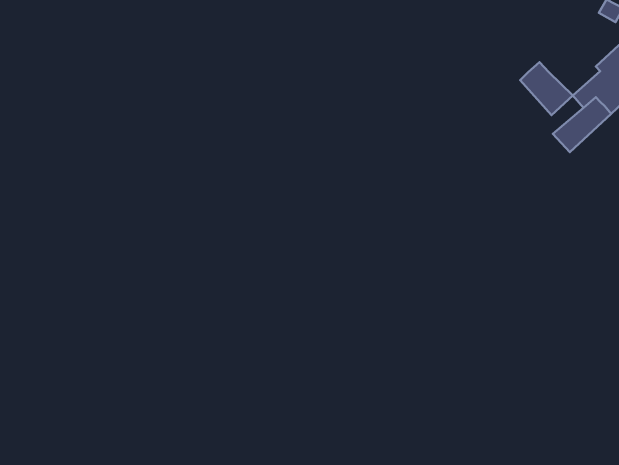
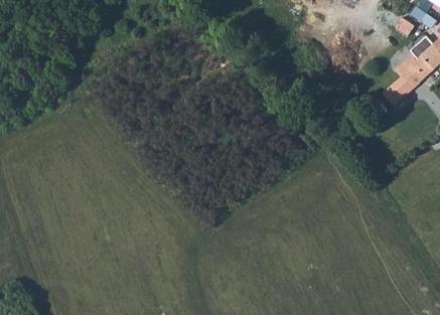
building: [520,62,573,115] -> none

